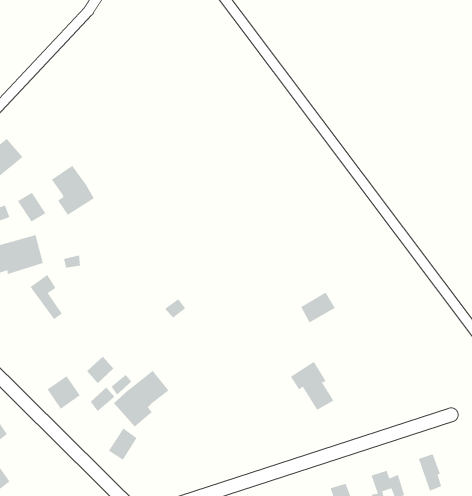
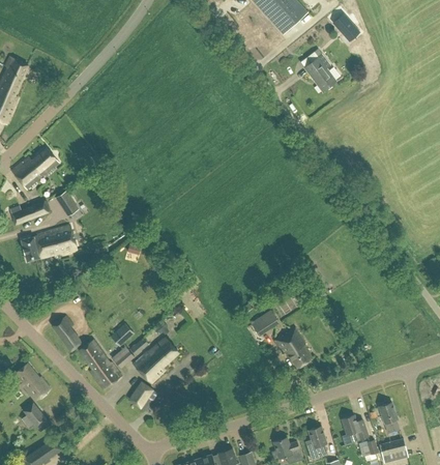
building: none -> [304,55,335,92]
building: [51,165,95,216] -> none
building: [30,274,63,320] -> [51,314,78,351]
building: [300,291,336,323] -> [251,310,280,336]
building: none -> [89,355,121,388]

